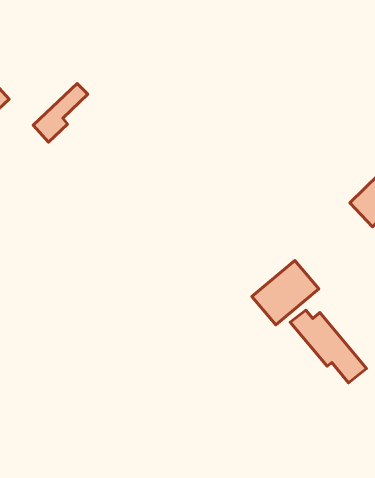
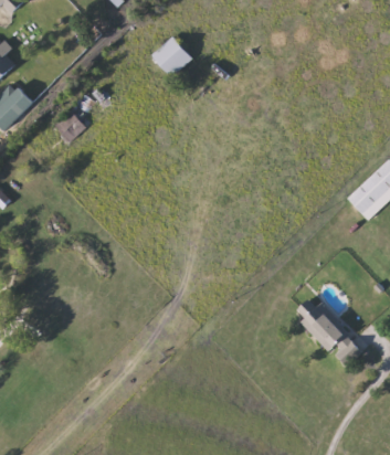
building: none -> [155,45,190,74]
building: [252,260,319,325] -> none

